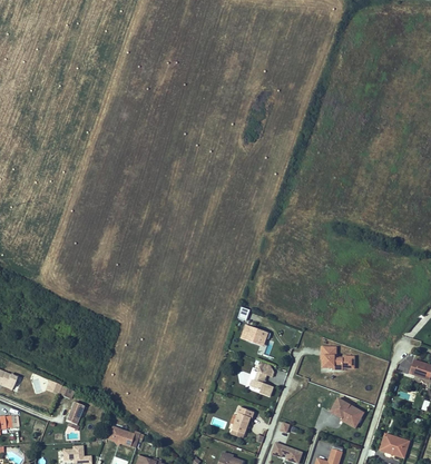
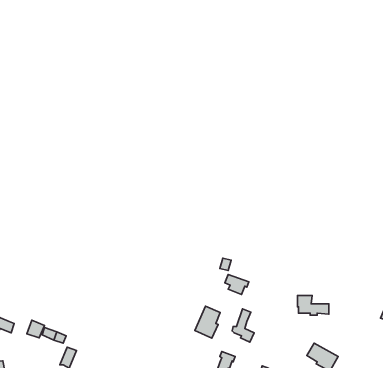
building: none -> [195,306,220,338]

